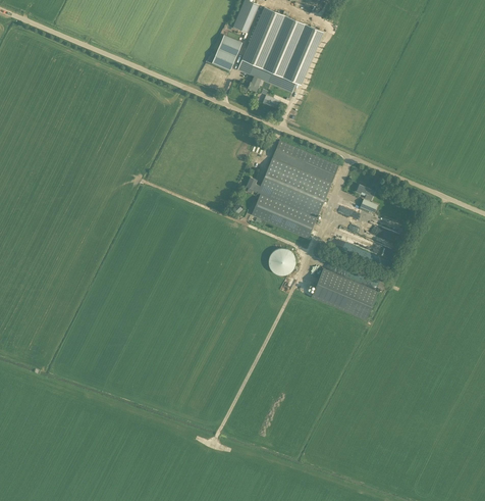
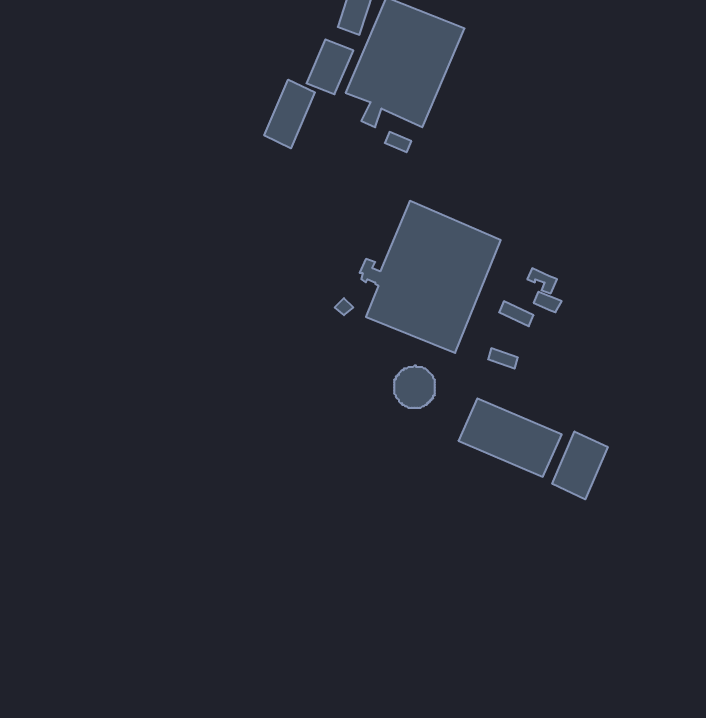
building: none -> [264,80,315,148]
building: none -> [552,431,608,499]

